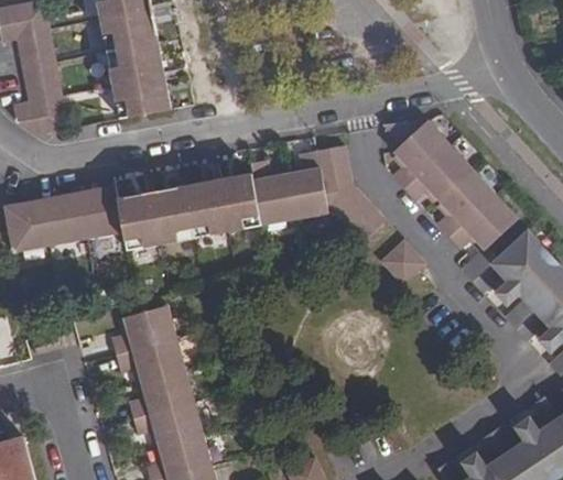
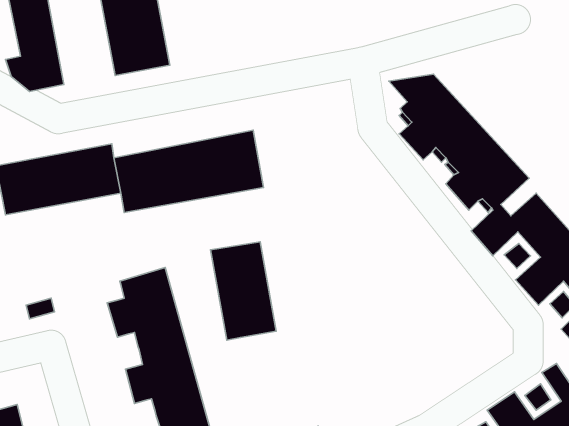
building: [249,145,386,241] -> none
building: [380,239,425,285] -> none
building: none -> [210,242,276,340]

